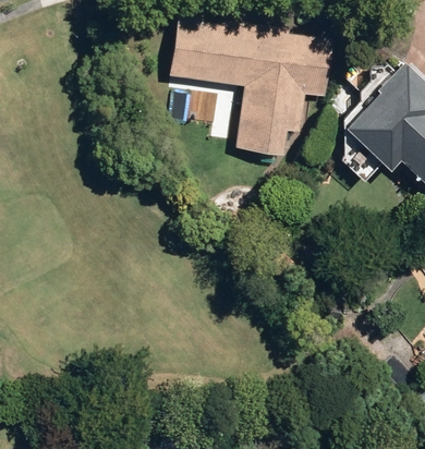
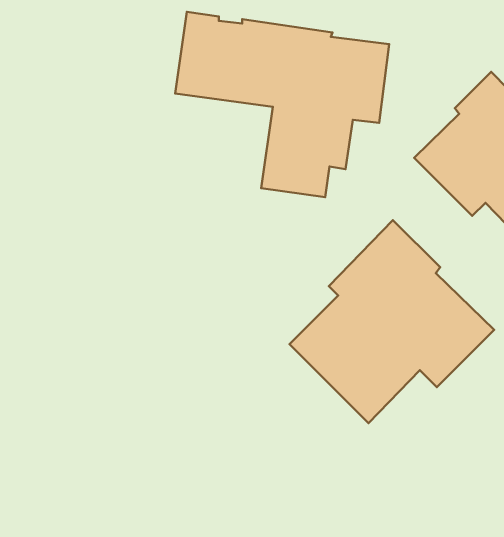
building: none -> [289,220,494,423]

